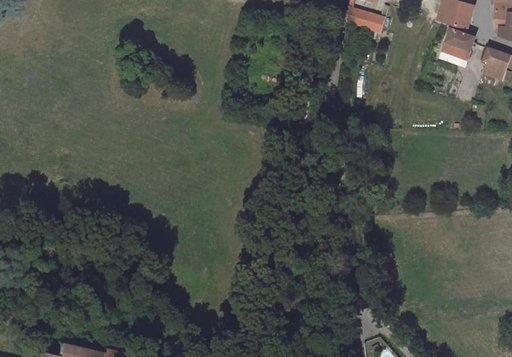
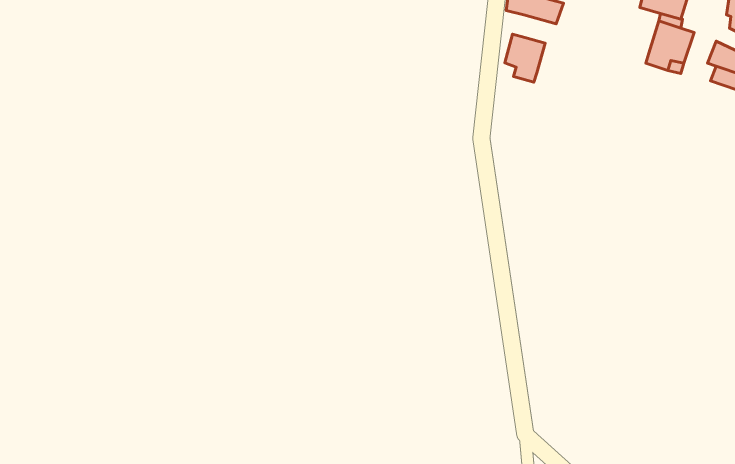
building: none -> [505,34,545,82]

